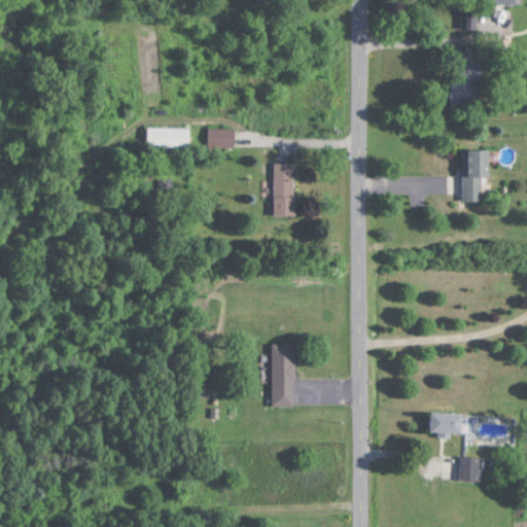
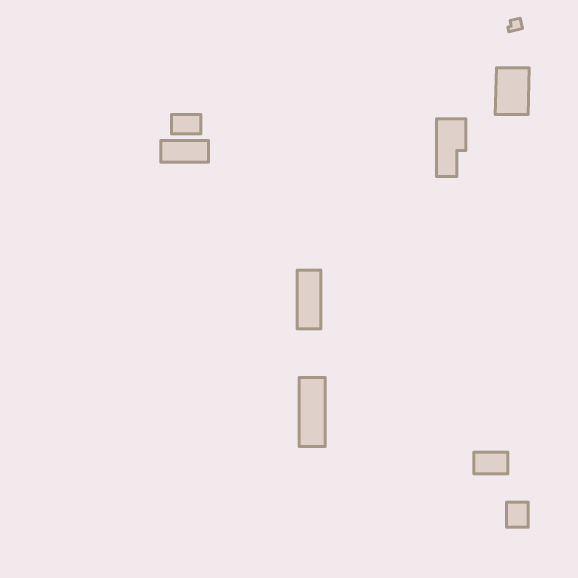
building: [208,130,235,147] -> [172,115,201,134]
building: [462,150,489,203] -> [437,119,466,177]
building: [274,164,295,217] -> [297,270,321,329]

